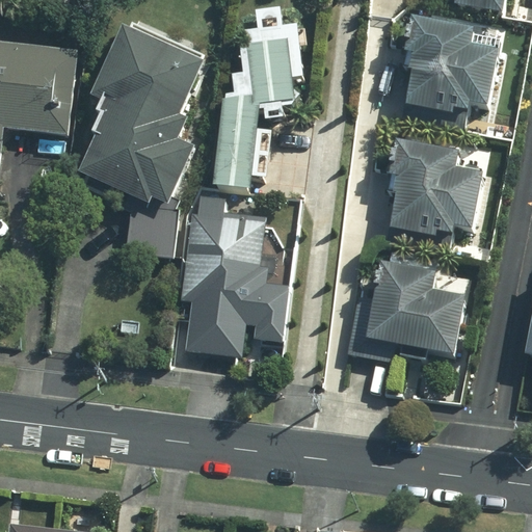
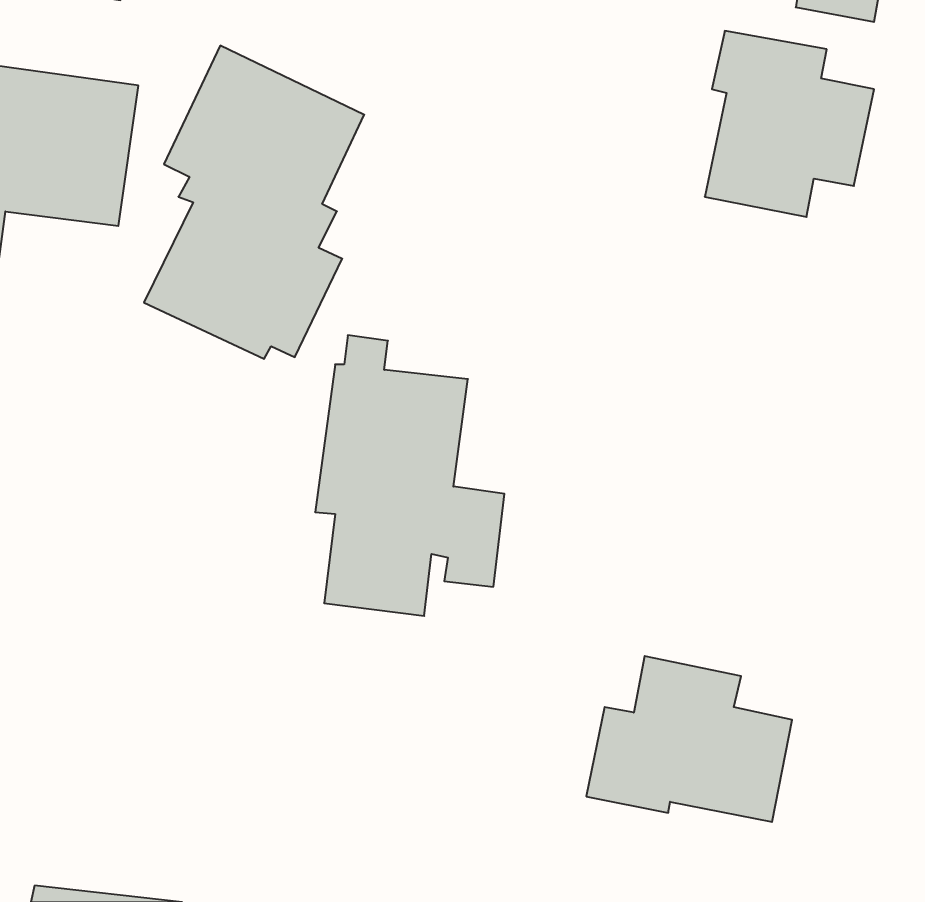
building: [216,9,301,186] -> none
building: [388,140,483,246] -> none
building: [347,262,464,356] -> [586,656,792,822]

